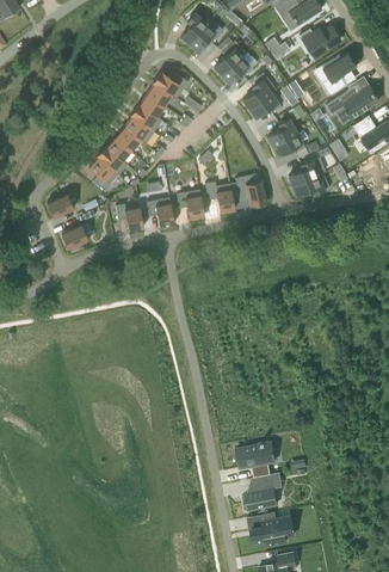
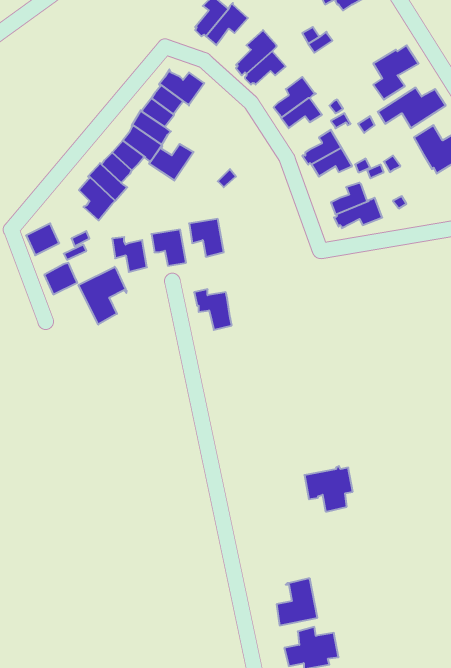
building: [298,25,340,57] -> none
building: none -> [149,144,194,181]
building: [234,176,266,205] -> none
building: [204,180,234,213] -> [194,289,232,330]
building: none -> [79,267,126,325]
building: [236,441,274,476] -> [304,466,353,511]

